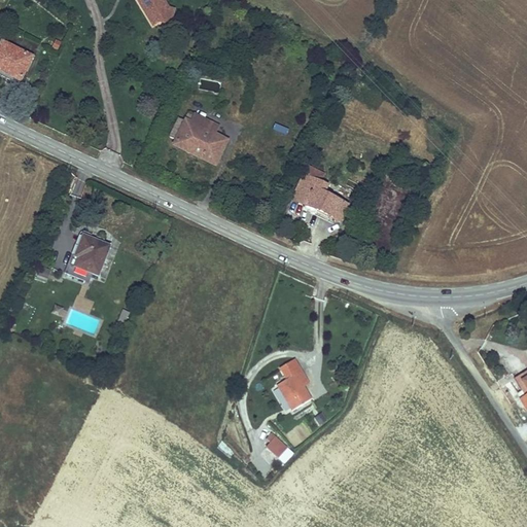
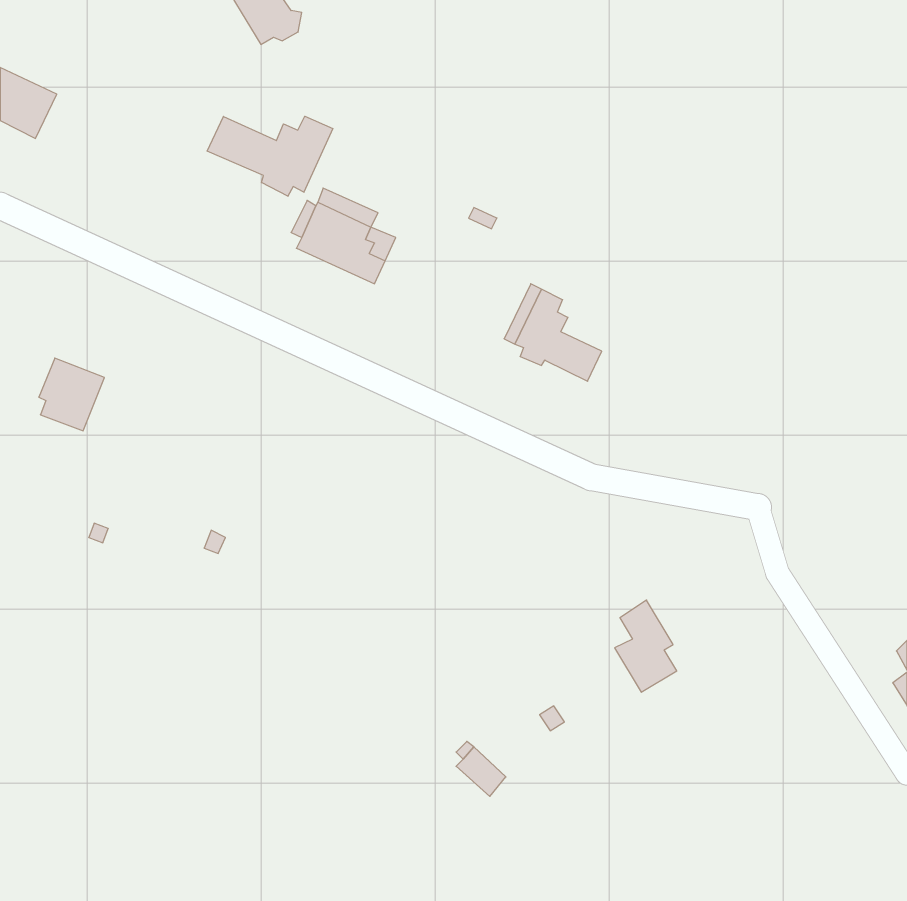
building: none -> [207,116,333,196]
building: [72,234,110,276] -> [39,358,104,431]
building: [275,355,311,409] -> [615,600,677,692]

